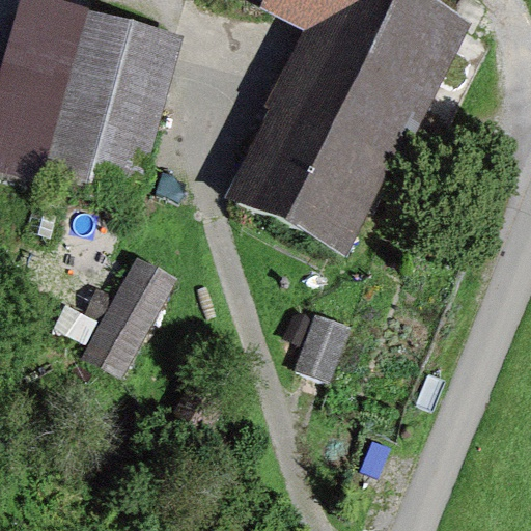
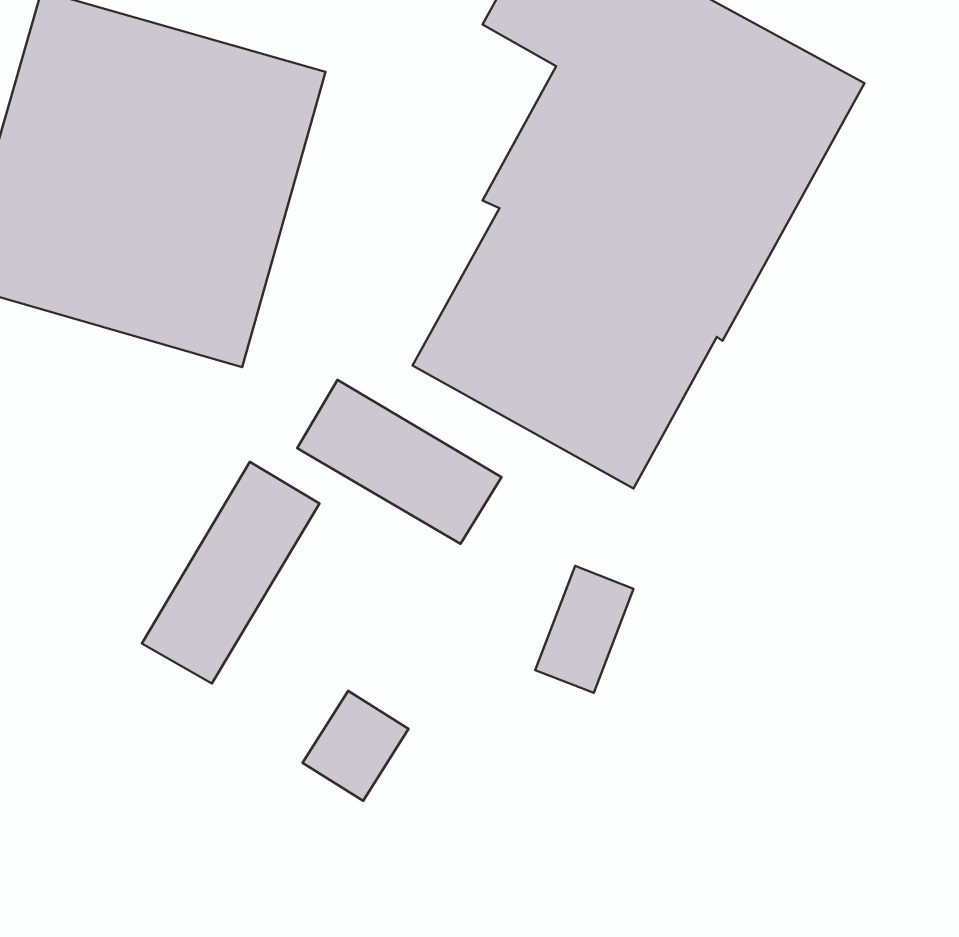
building: none -> [297,380,502,544]

